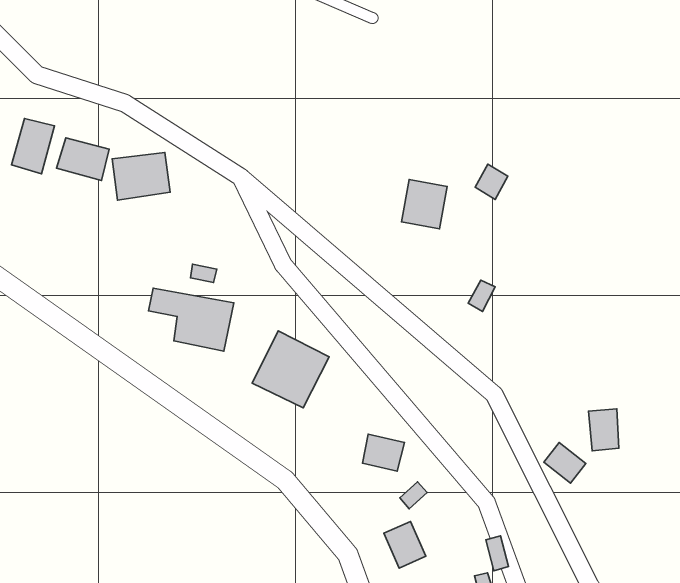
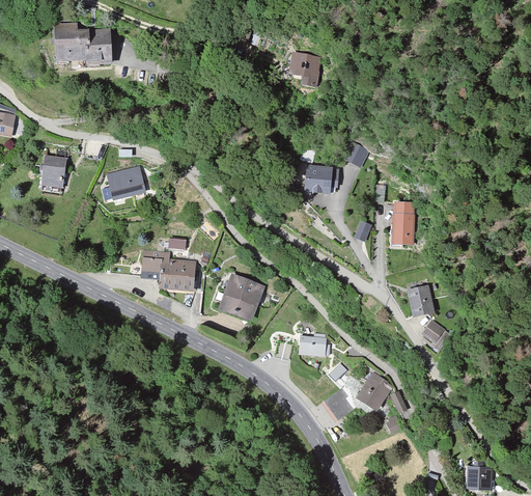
building: none -> [292,52,322,77]
building: [56,138,109,181] -> none
building: none -> [392,202,411,247]
building: [588,409,619,451] -> [408,286,431,316]
building: none -> [354,371,388,411]

